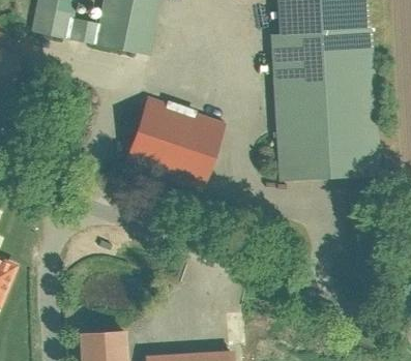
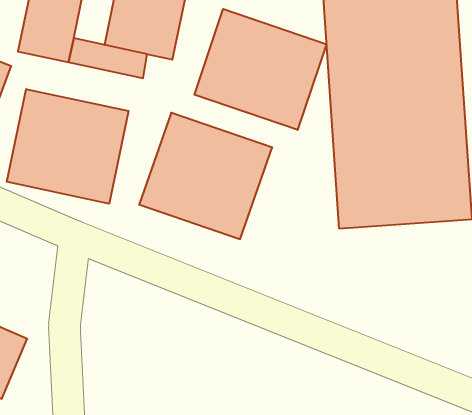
building: none -> [194,9,326,130]
building: none -> [7,89,129,204]

